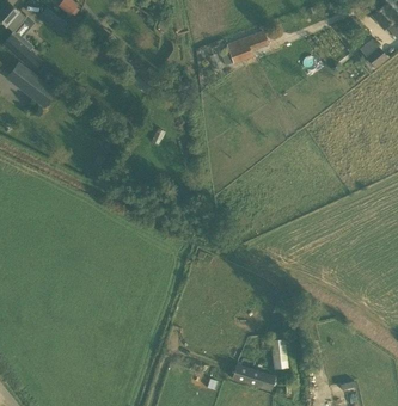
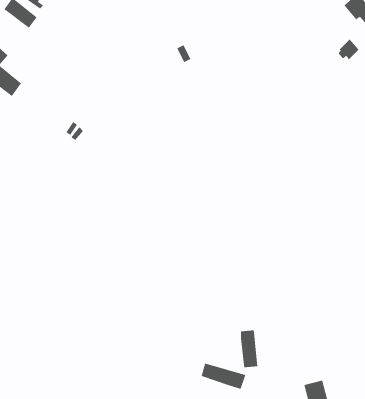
building: [221,31,267,63] -> none

